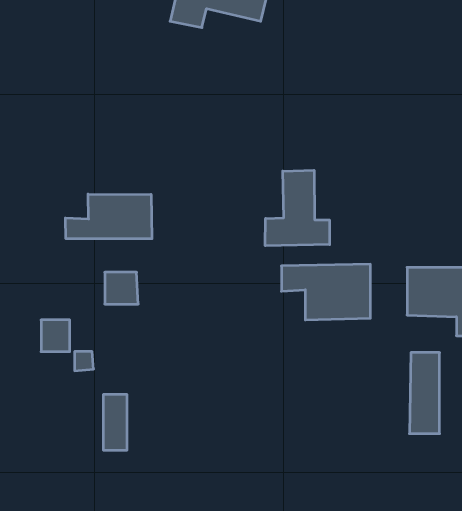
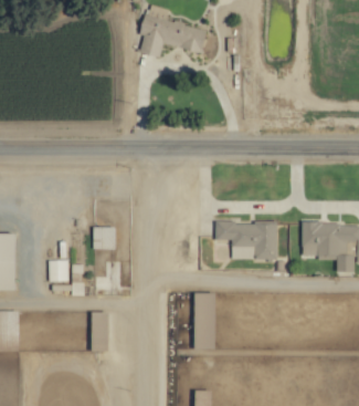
building: [265,170,330,246] -> none
building: [65,194,152,239] -> none
building: [409,353,440,434] -> [194,292,215,348]

